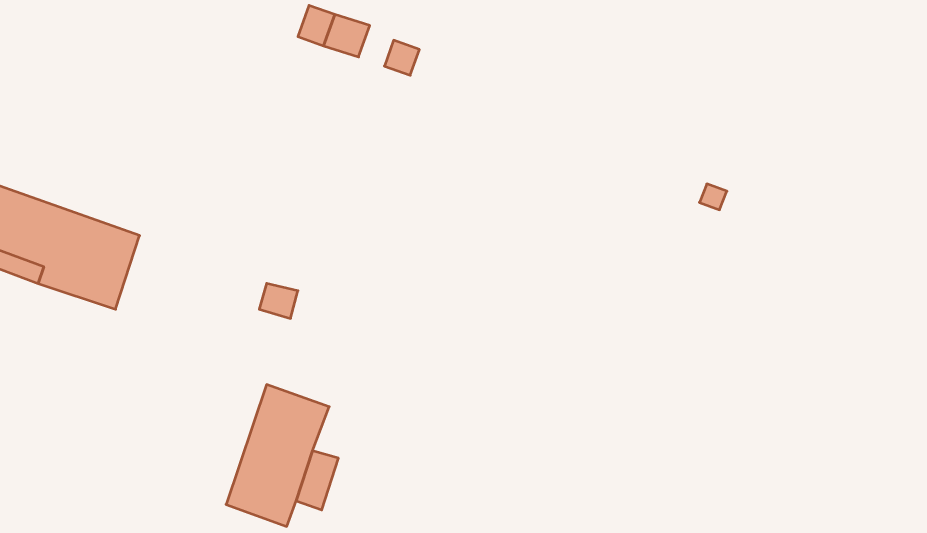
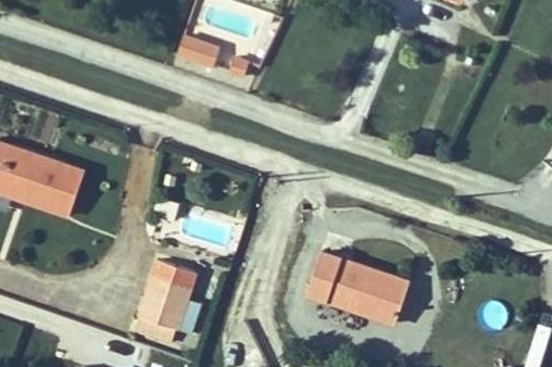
building: none -> [306,253,409,325]

